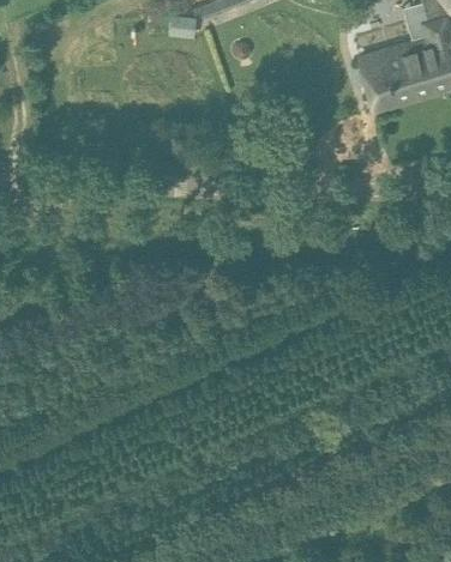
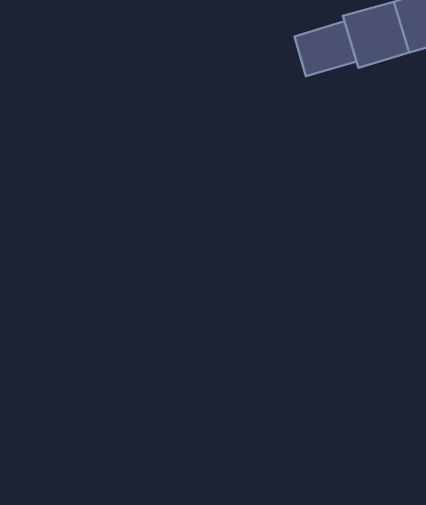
building: none -> [295,21,356,76]

